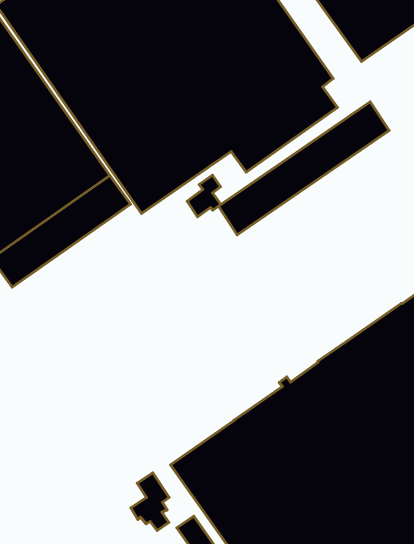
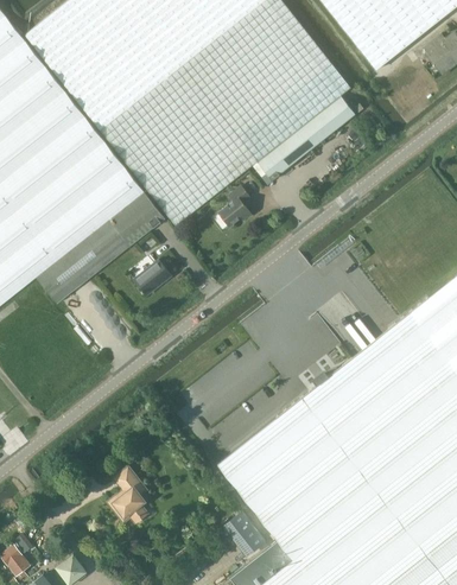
building: [218,102,389,235] -> none
building: none -> [133,259,171,294]
building: [131,473,169,531] -> [109,466,146,521]

